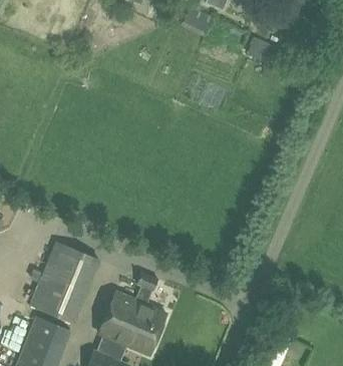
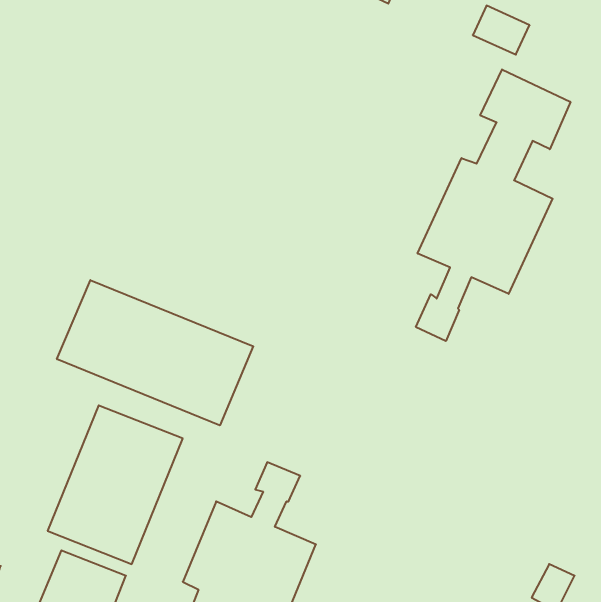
building: none -> [416,69,570,341]
building: none -> [57,280,253,425]

